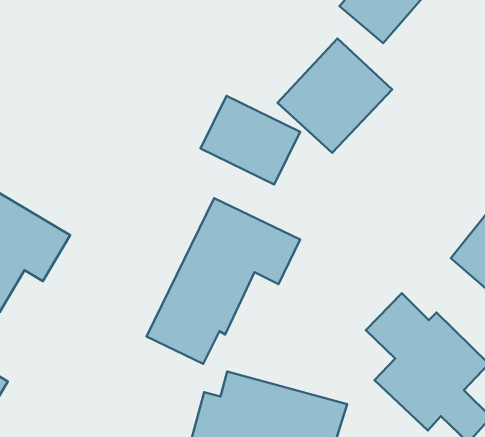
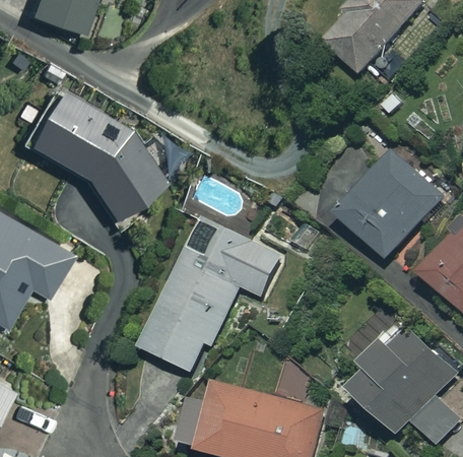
building: [277,38,392,153] -> [337,153,444,260]
building: none -> [23,82,161,217]
building: [200,96,300,184] -> none

